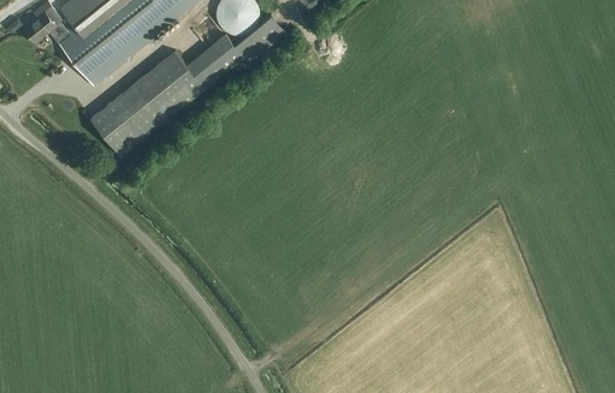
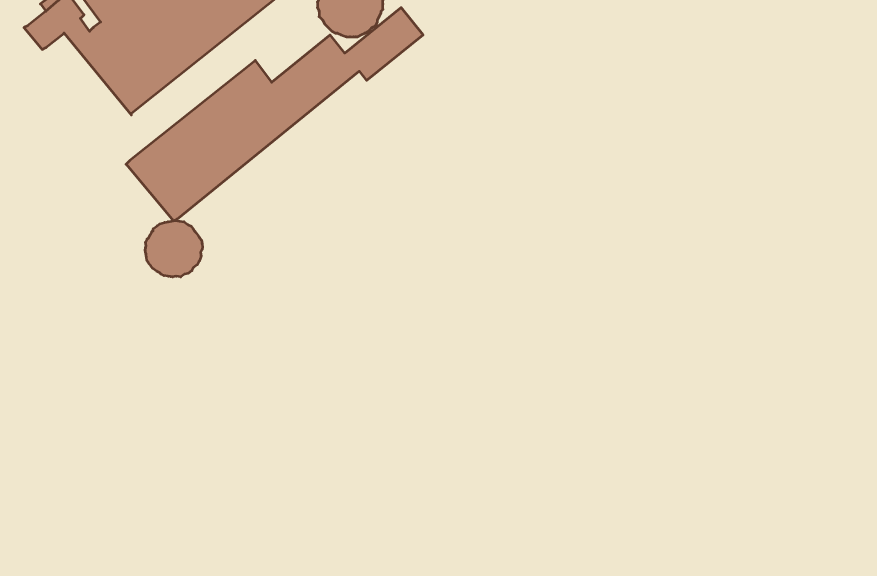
building: none -> [145,221,203,277]

